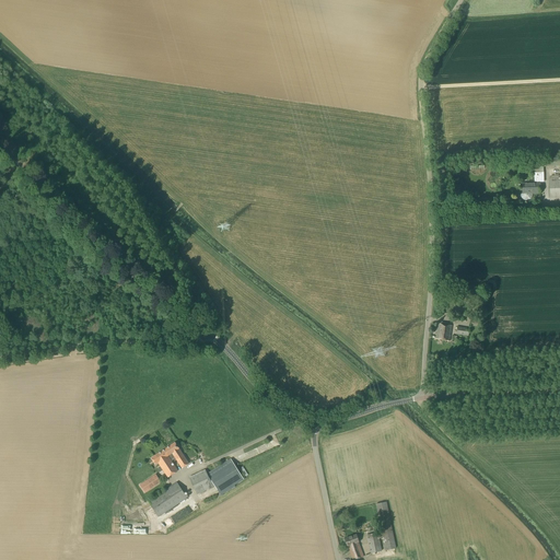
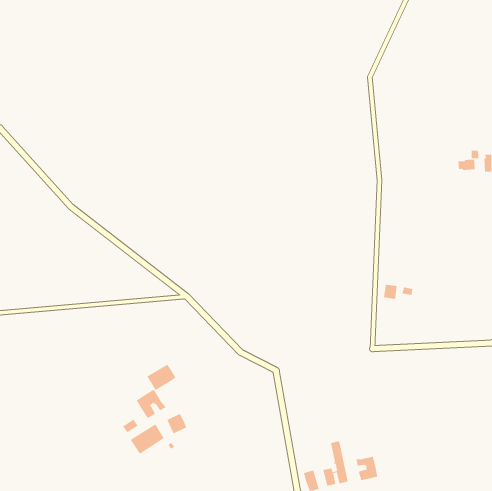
building: [207,458,241,489] -> [147,364,176,391]
building: none -> [356,456,378,481]

